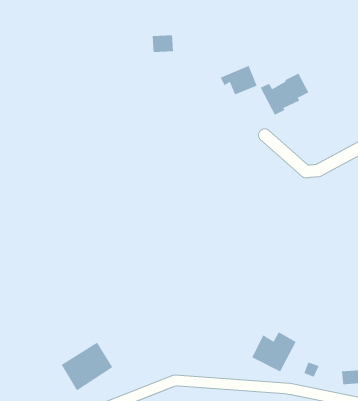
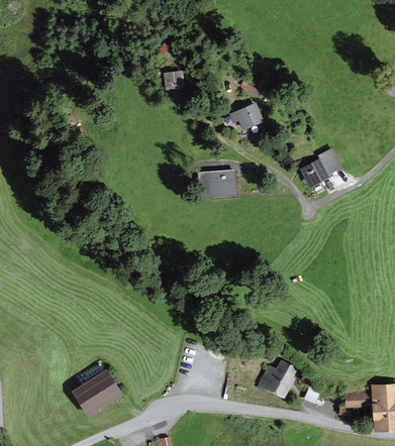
building: [260,73,309,116] -> [297,147,344,189]
building: none -> [199,171,236,195]

